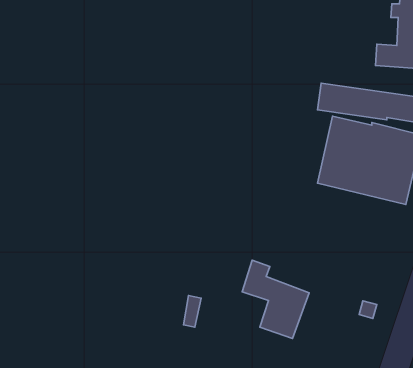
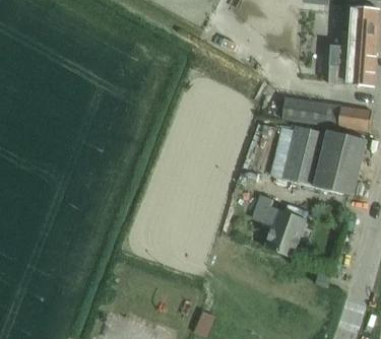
building: [242,260,309,338] -> [252,193,306,256]

